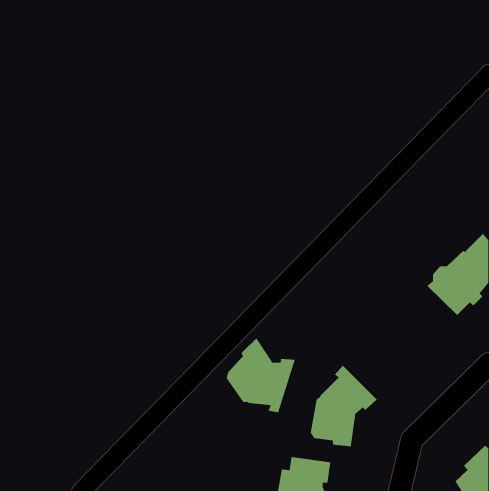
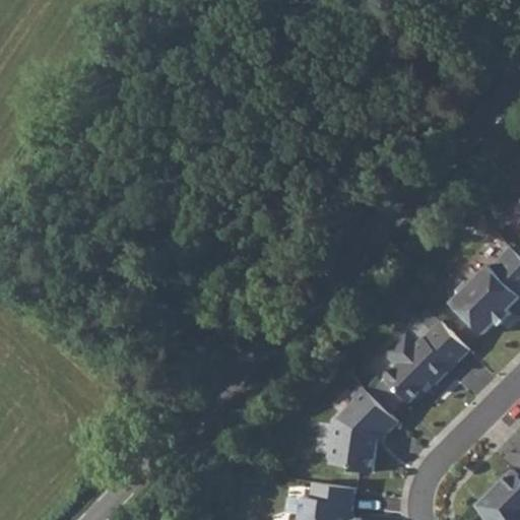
building: none -> [384,321,469,399]
building: [226,338,295,413] -> none

